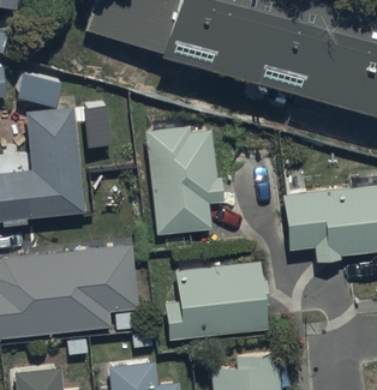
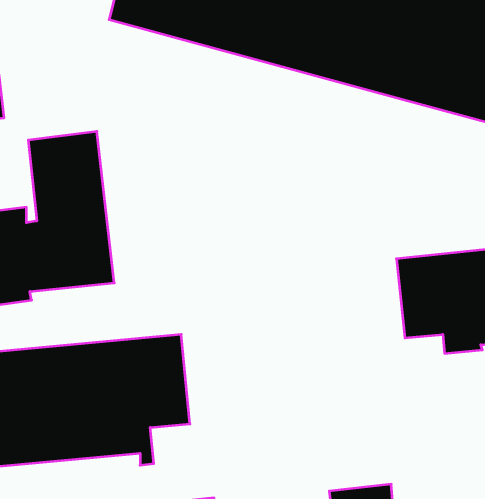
building: [144,127,223,235] -> none
building: [166,263,267,341] -> none

